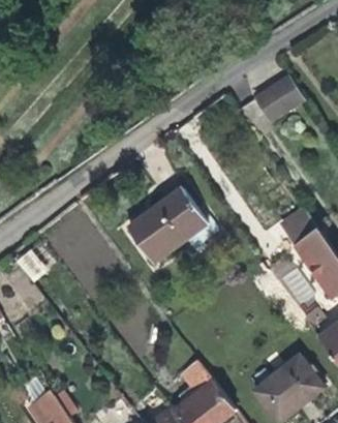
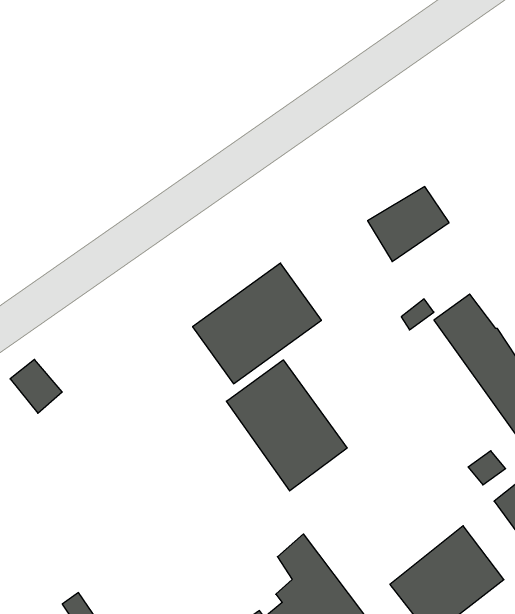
building: [253,74,305,122] -> [368,187,449,262]
building: none -> [226,360,347,491]

